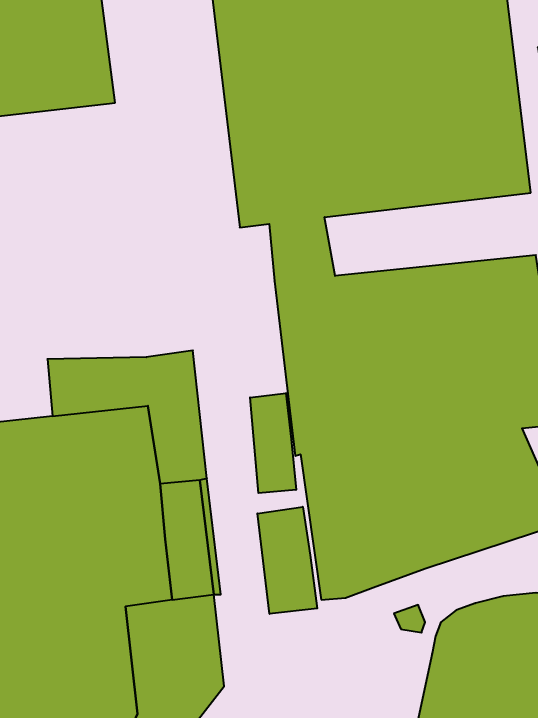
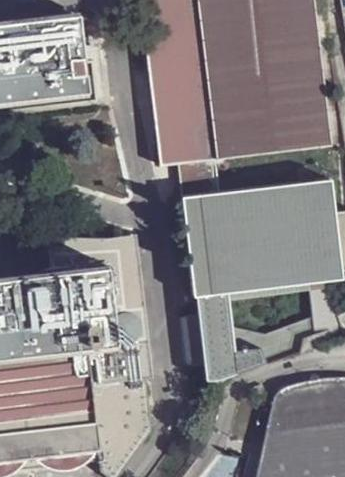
building: [250,393,296,493] -> none
building: [257,507,317,614] -> none

